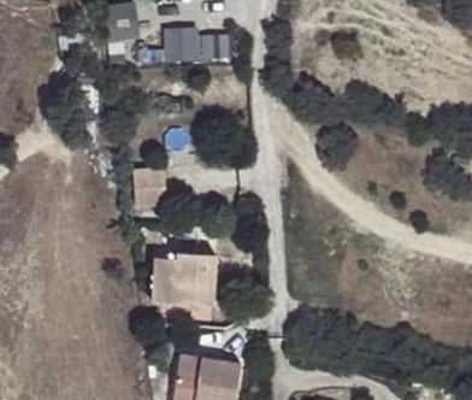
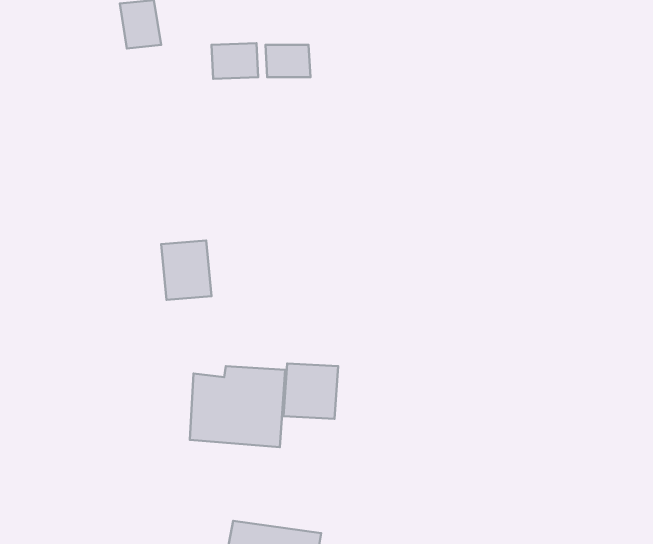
building: none -> [284,363,338,419]

